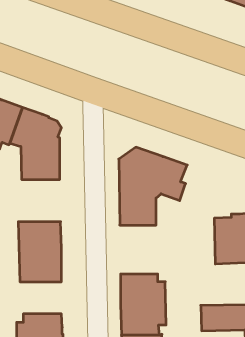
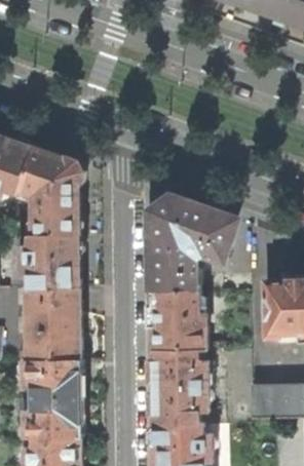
building: none -> [20,235,79,286]
building: none -> [151,290,206,350]
building: none -> [26,359,82,398]

